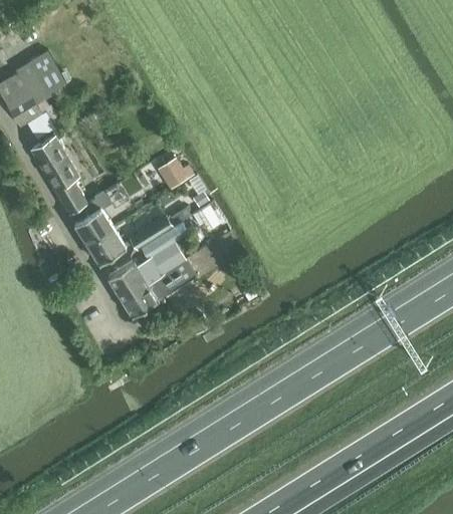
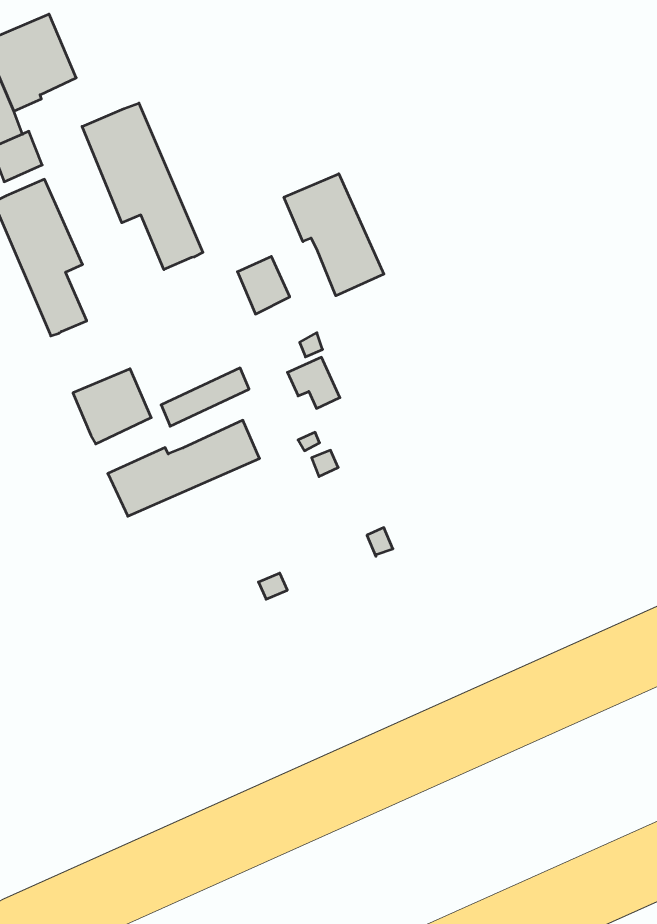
building: none -> [82,103,203,270]
building: none -> [284,174,384,296]
building: [73,191,111,241] -> none
building: [121,250,210,317] -> none

